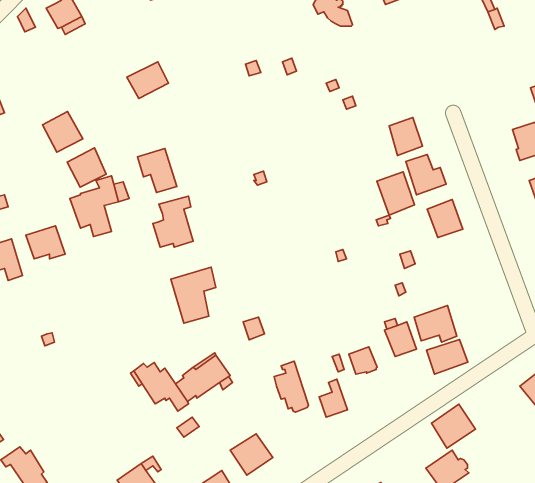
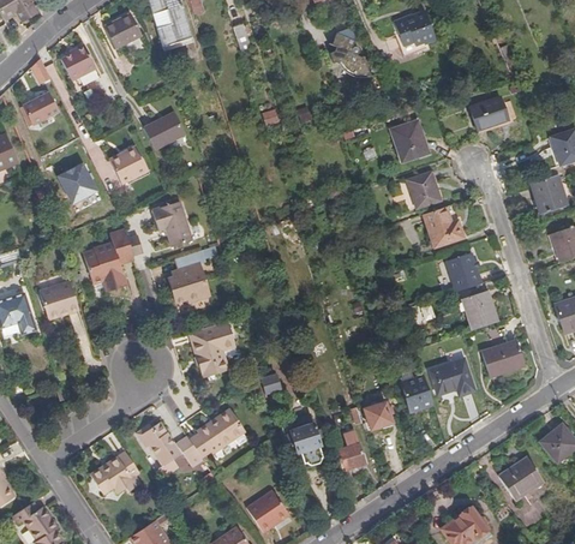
building: none -> [22,94,56,124]
building: none -> [468,96,505,128]
building: none -> [391,118,427,160]
building: [67,148,106,187] -> [109,145,149,185]
building: [377,172,415,215] -> none
building: none -> [463,289,498,329]
building: [426,340,468,374] -> [484,340,526,375]
building: none -> [91,450,140,492]
building: [432,404,475,448] -> [498,456,543,501]

